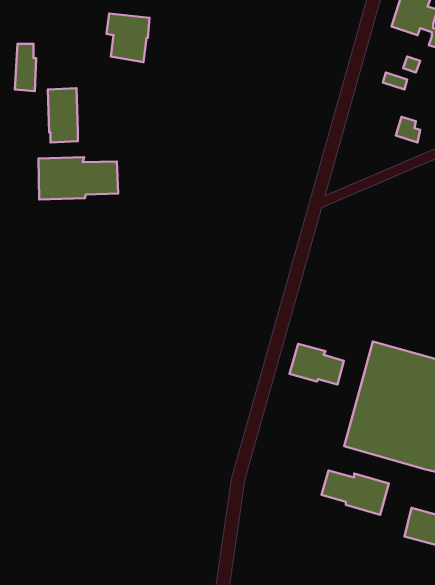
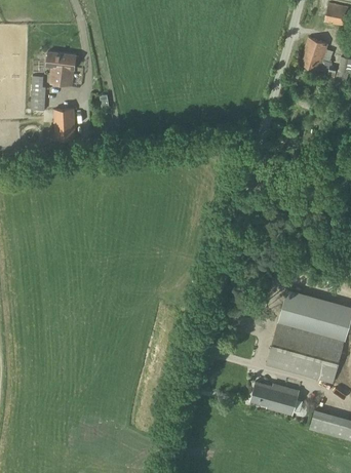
building: [106,14,149,62] -> [46,51,77,86]
building: [38,157,118,200] -> none
building: [289,344,344,384] -> none

